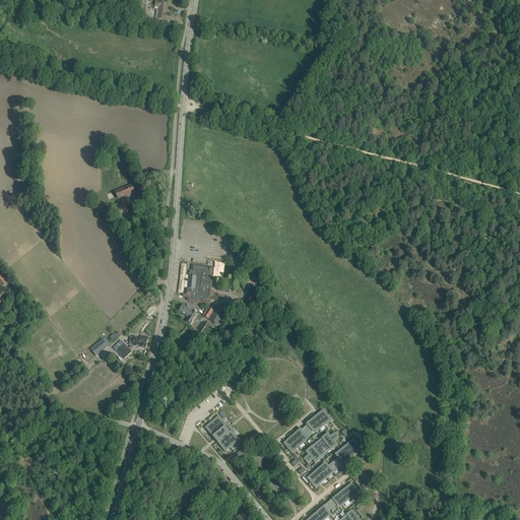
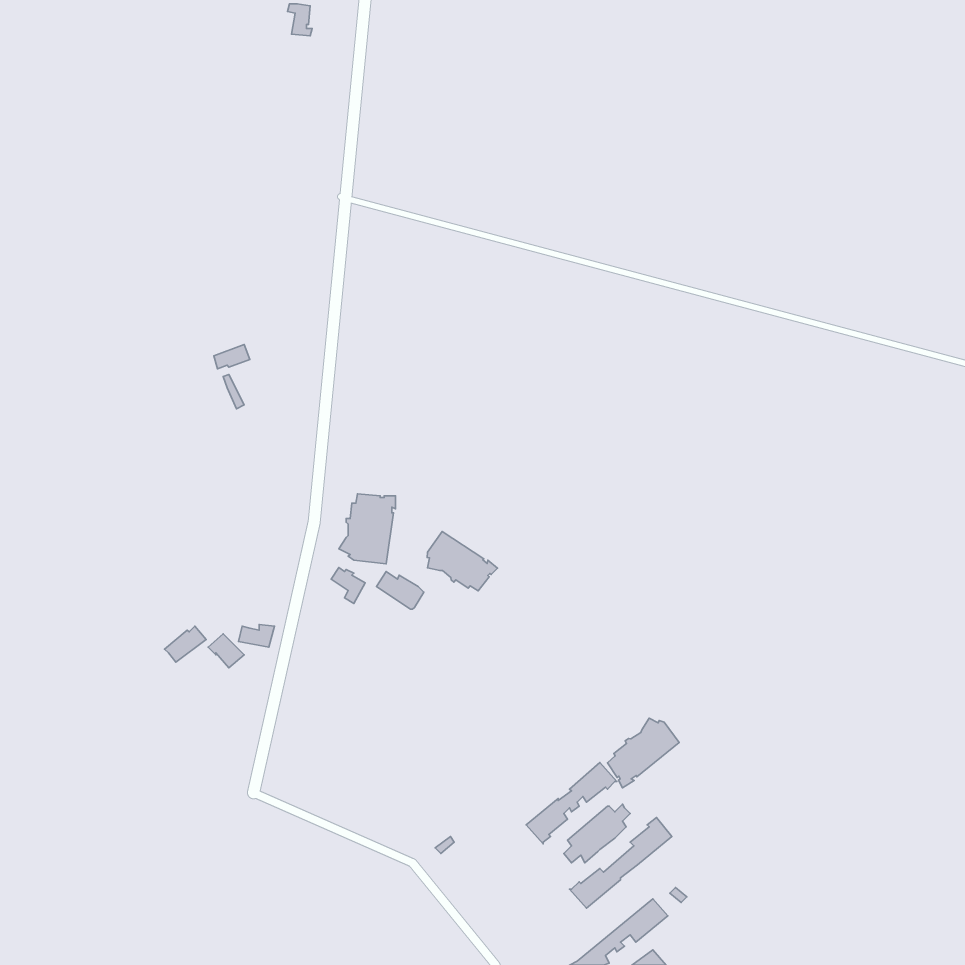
building: none -> [427,532,497,591]
building: none -> [608,718,679,788]
building: [204,415,239,451] -> none

